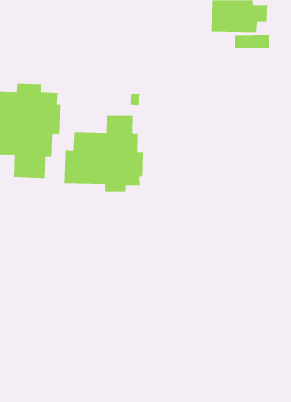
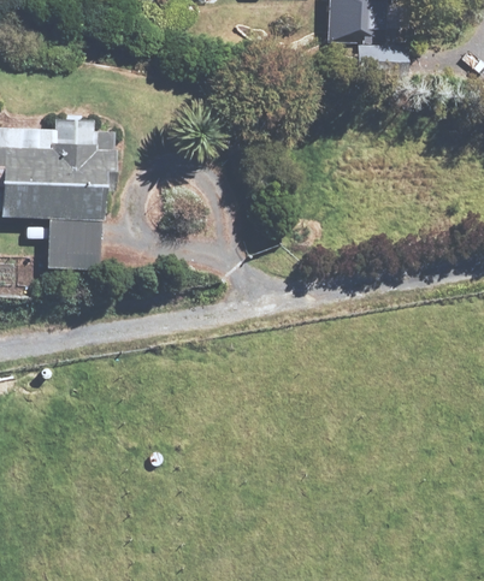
building: [64,115,144,193] -> none

